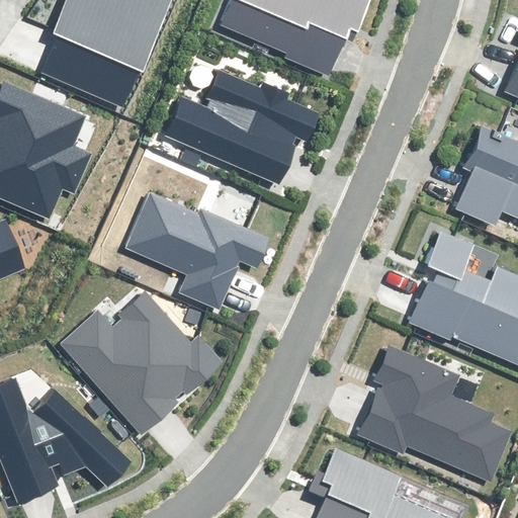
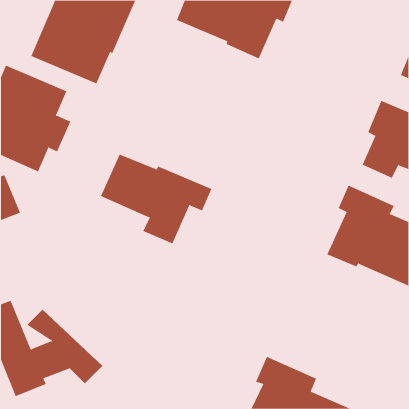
building: [167,71,318,184] -> none
building: [61,294,221,433] -> none
building: [360,347,512,482] -> none

